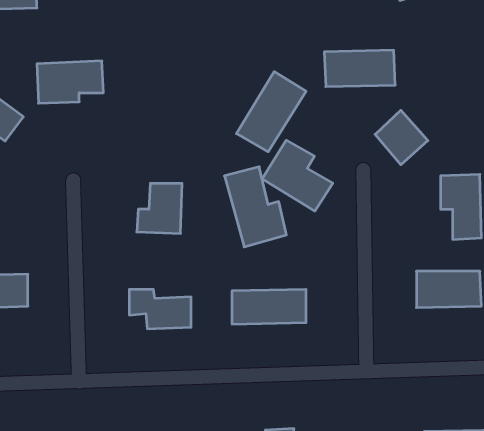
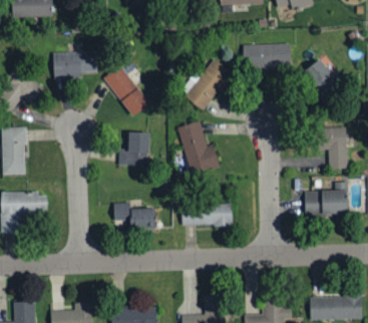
building: none -> [103,65,149,116]
building: [375,110,428,165] -> [302,59,337,95]
building: [262,140,333,211] -> none

